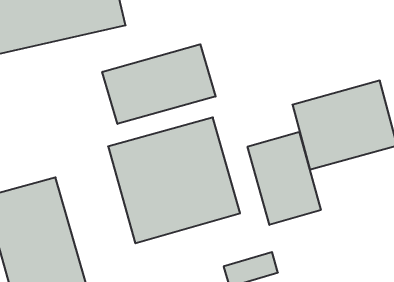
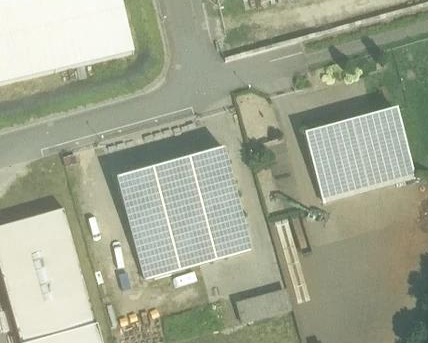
building: [102,44,216,124] -> none
building: [248,132,321,225] -> none

